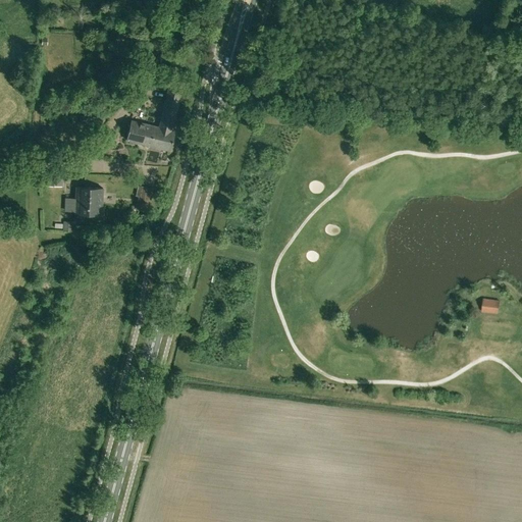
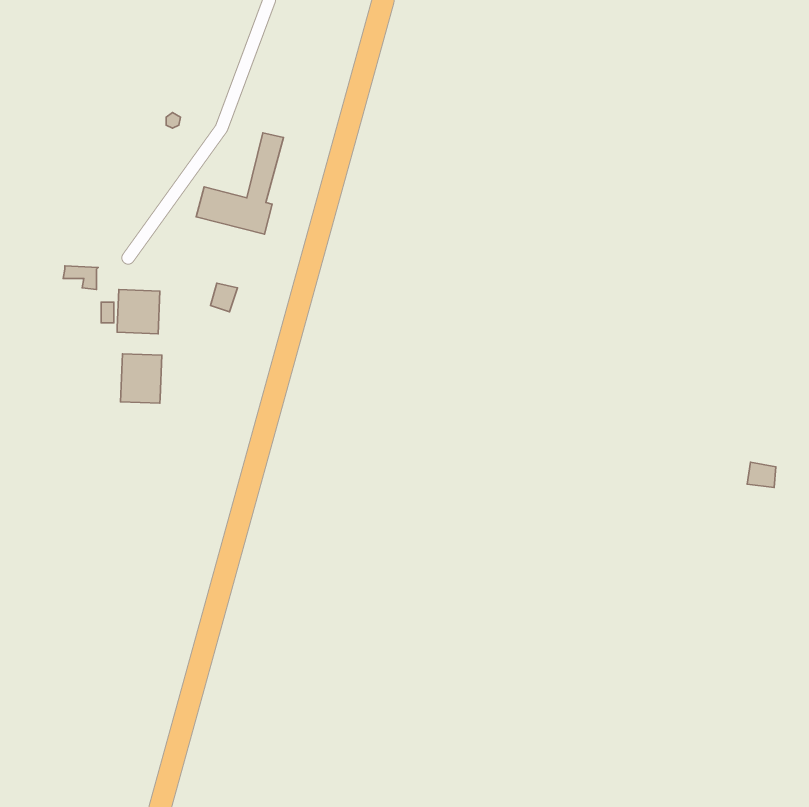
building: none -> [121,354,162,403]

